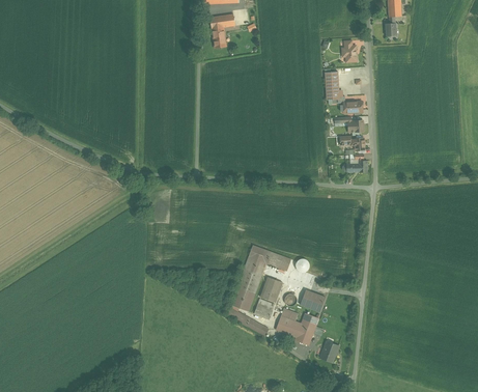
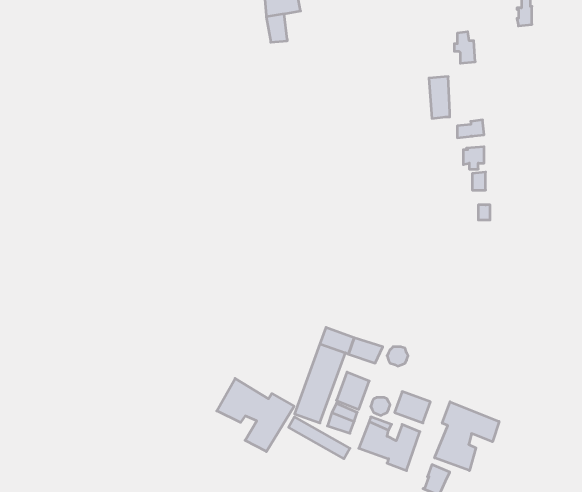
building: none -> [217,378,294,452]
building: none -> [435,402,499,471]

